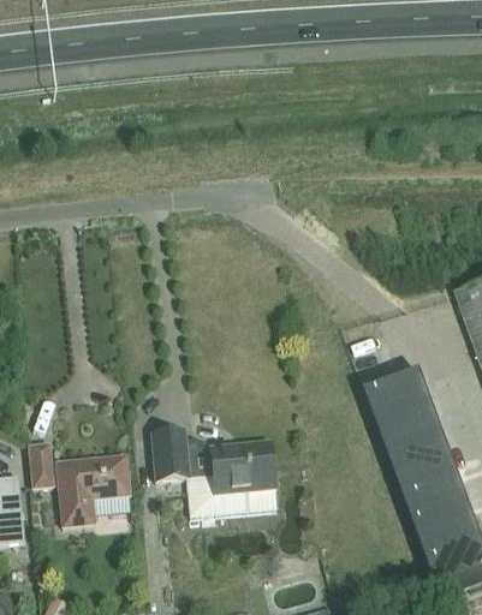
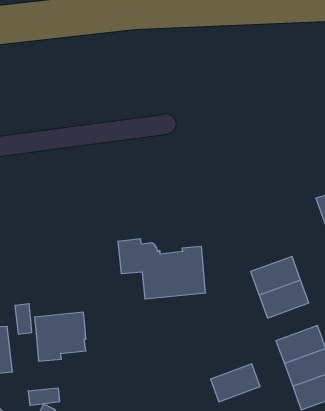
building: [150,430,275,515] -> [118,239,206,299]
building: [387,442,458,496] -> [210,364,260,402]
building: none -> [29,388,60,406]

